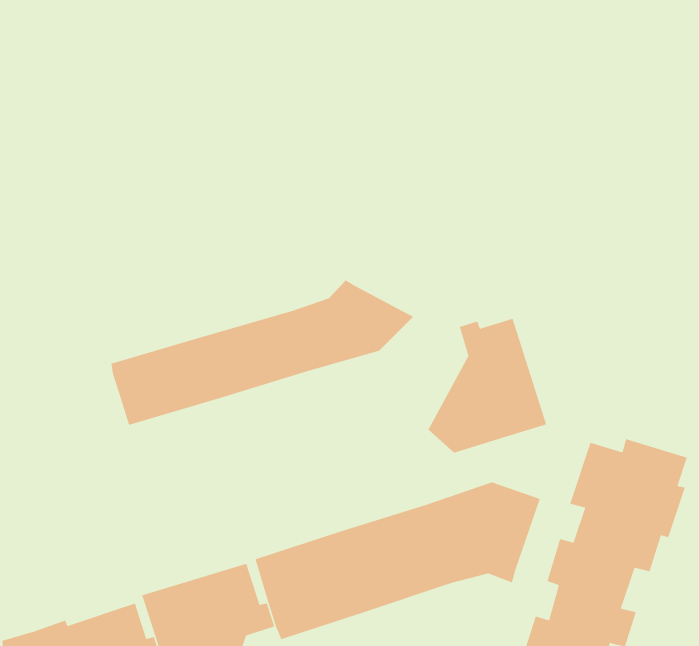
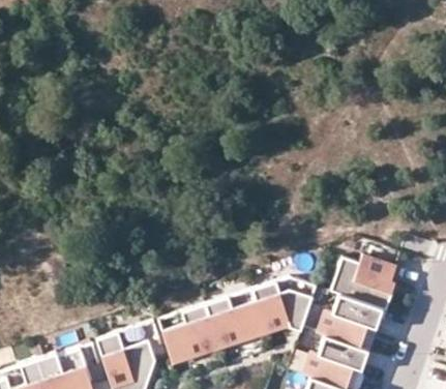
building: [111,279,414,426] -> none
building: [428,318,547,453] -> none

